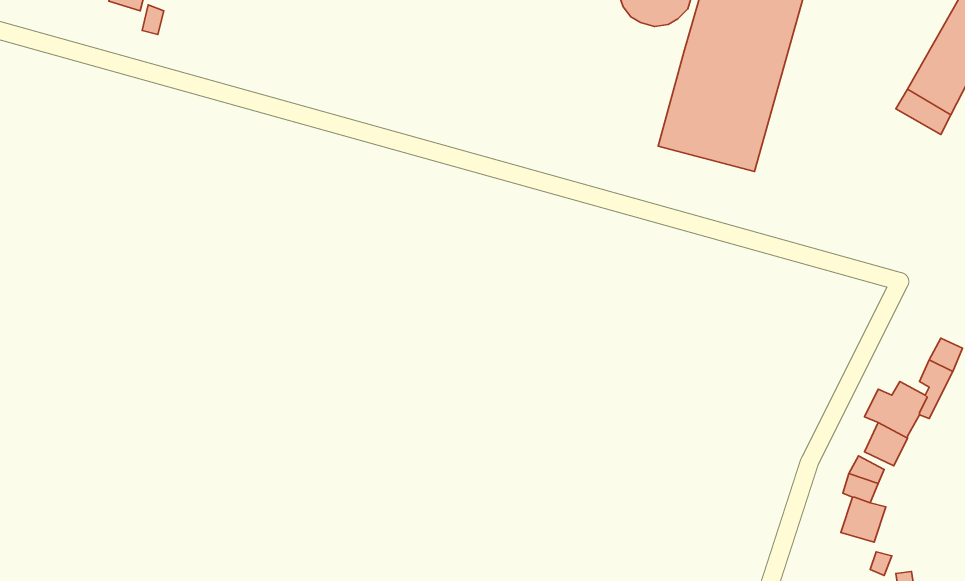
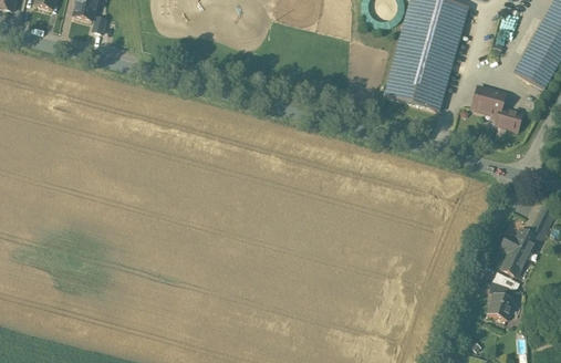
building: none -> [470,85,521,129]

